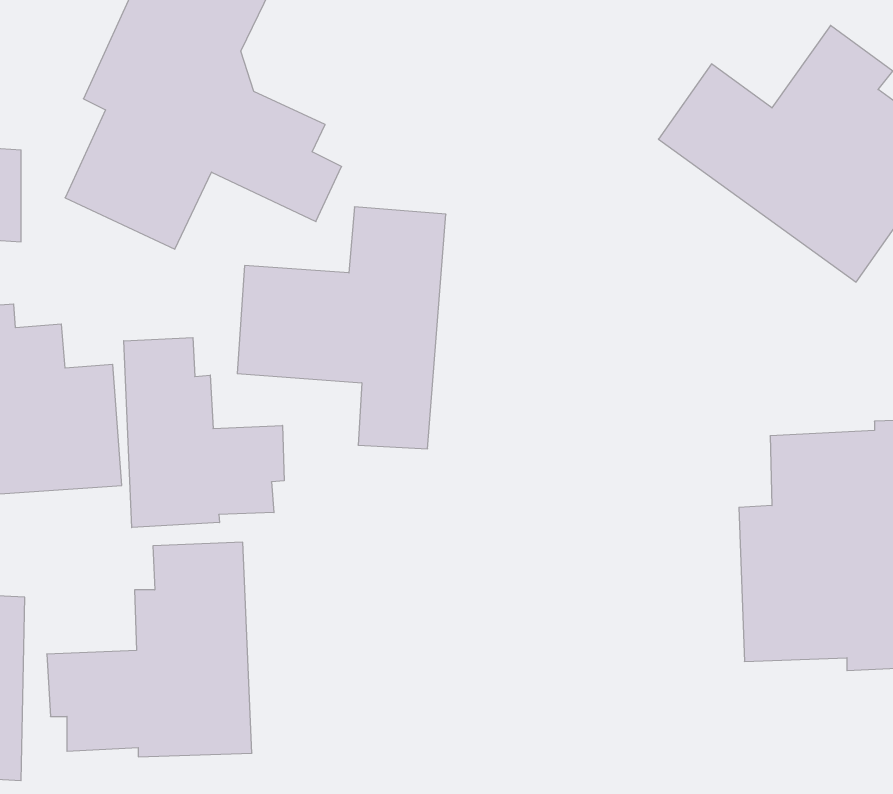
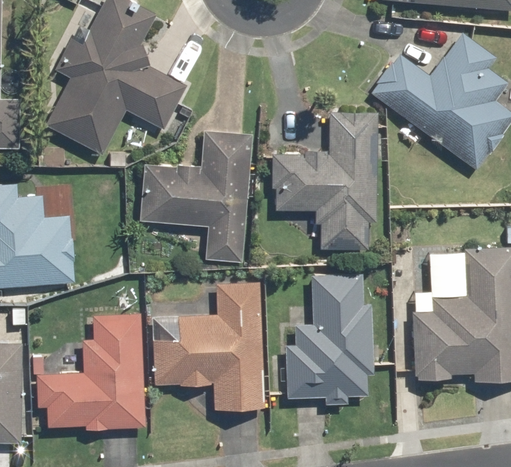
building: none -> [270,111,377,250]
building: [124,338,284,528] -> none
building: none -> [284,273,375,407]
building: none -> [151,282,264,410]

